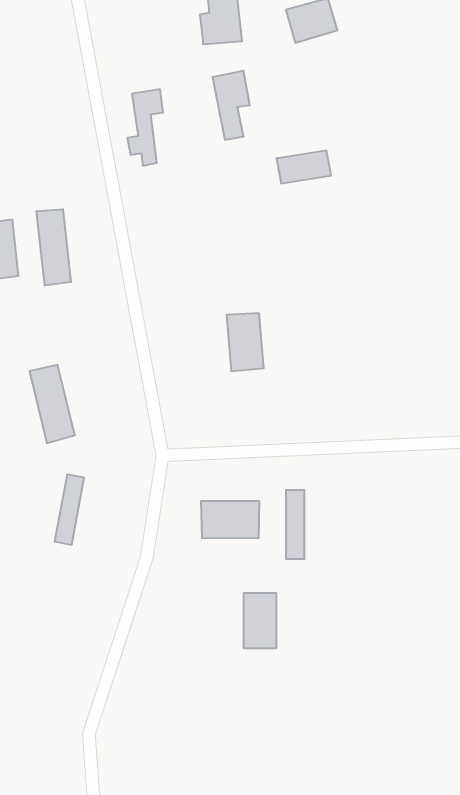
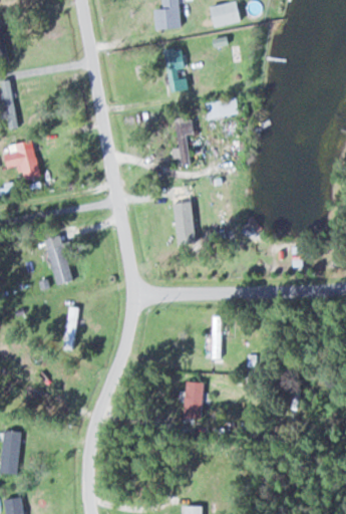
building: [127,89,163,166] -> [170,117,194,167]
building: [36,209,71,286] -> none
building: [201,501,259,538] -> none

